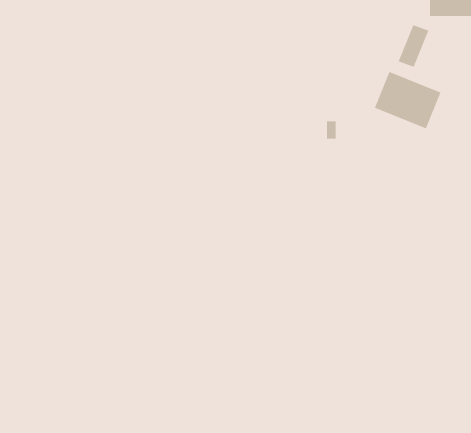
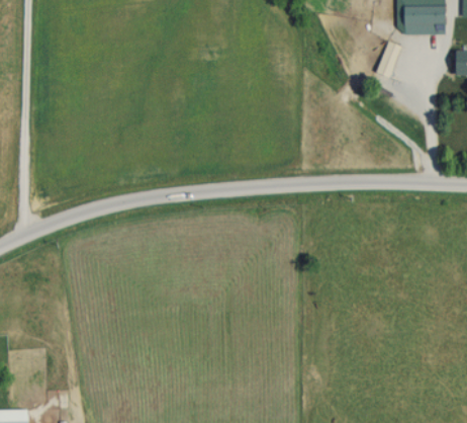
building: [374,71,441,129] -> none

